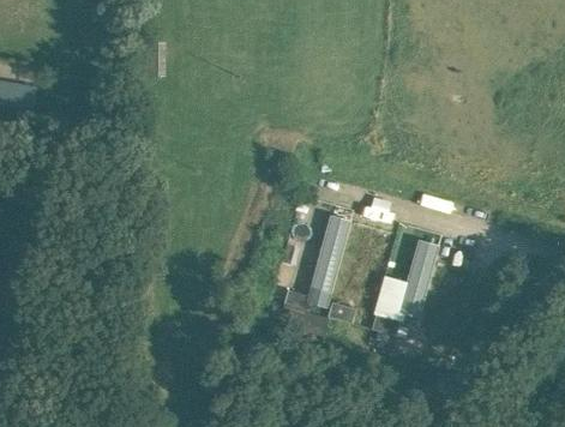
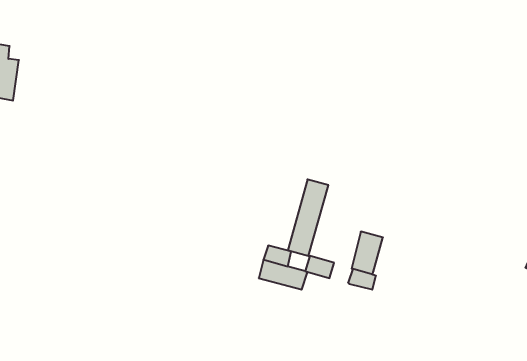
building: [396,241,439,321] -> none

